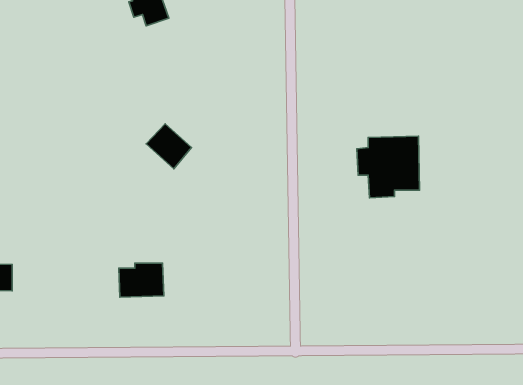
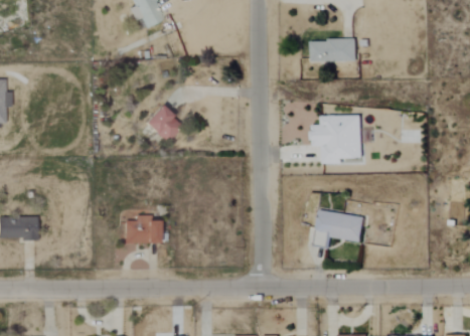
building: none -> [310,39,356,61]
building: none -> [315,210,365,247]

